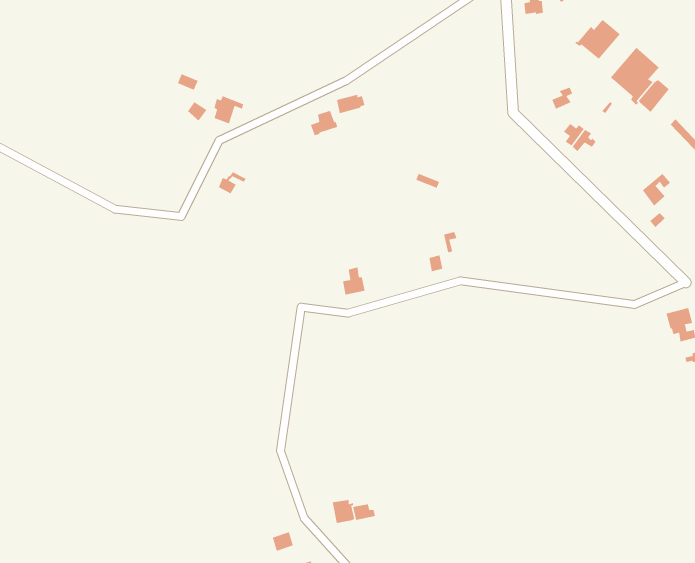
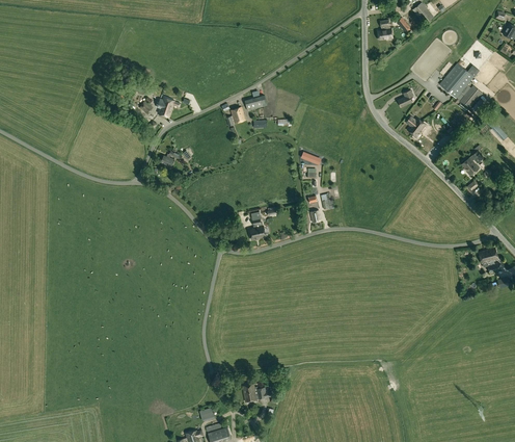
building: [574,19,621,60] -> none

